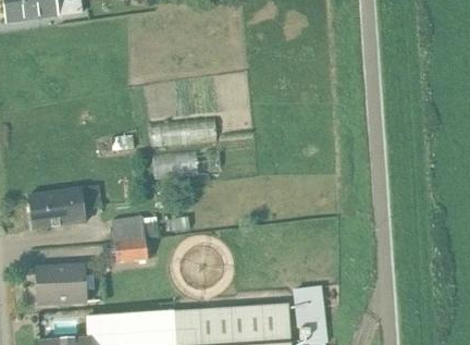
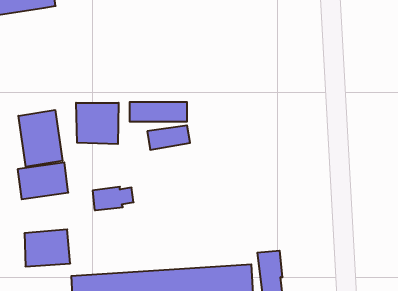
building: none -> [76,103,119,144]
building: none -> [18,110,62,167]
building: [114,238,148,262] -> none

